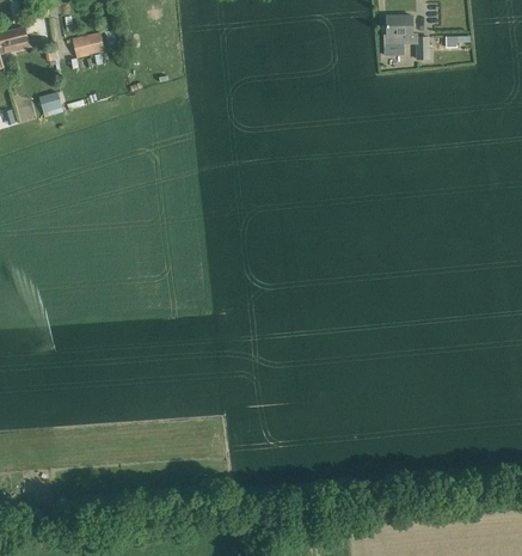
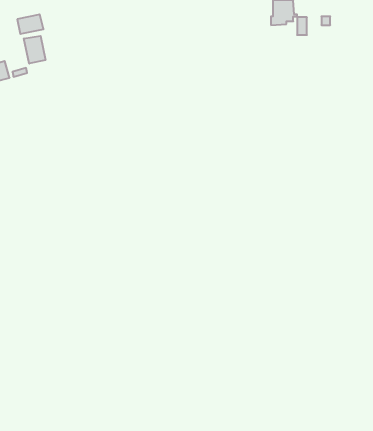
building: none -> [24,36,45,64]

